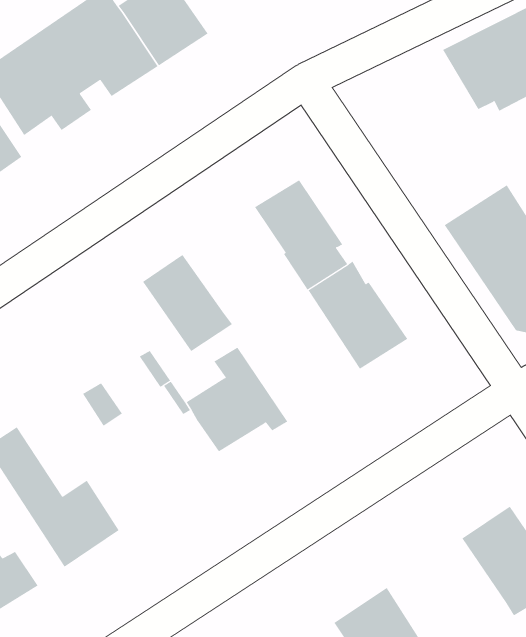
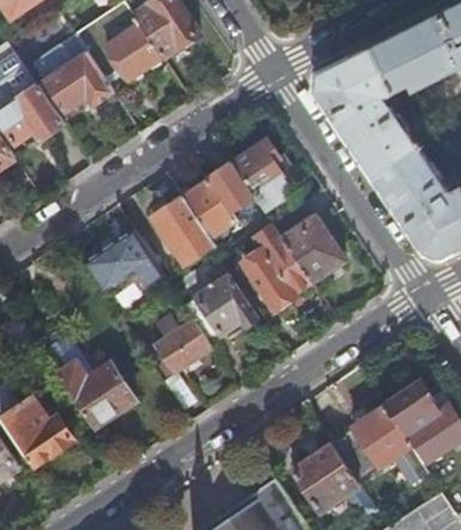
building: none -> [313,48,418,176]
building: none -> [180,163,255,239]
building: none -> [242,223,310,311]
building: none -> [92,231,151,287]
building: none -> [151,320,211,375]
building: none -> [351,406,417,468]

